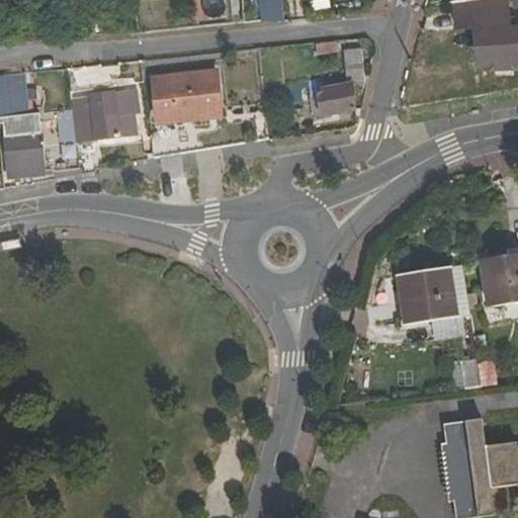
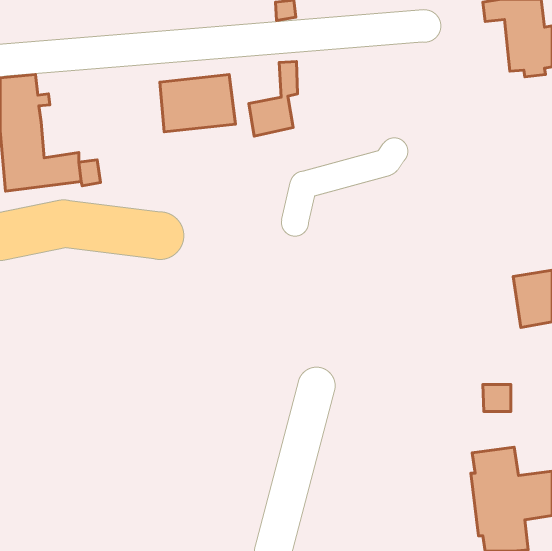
building: [314,49,359,118] -> [249,61,298,136]
building: [70,91,145,141] -> none
building: [398,267,458,325] -> none

